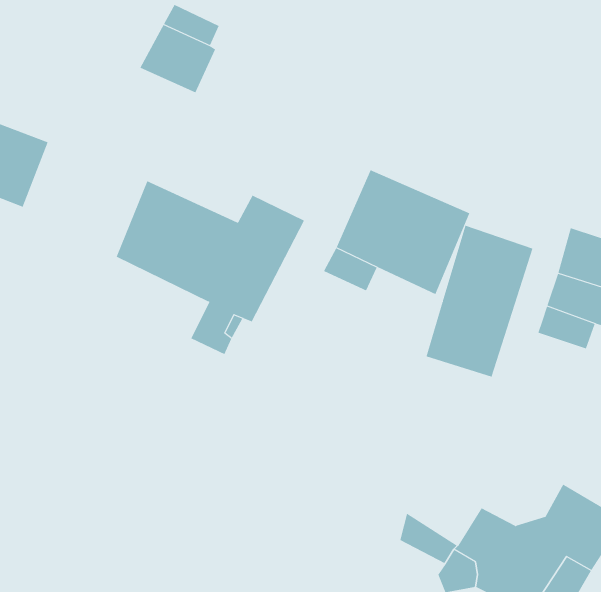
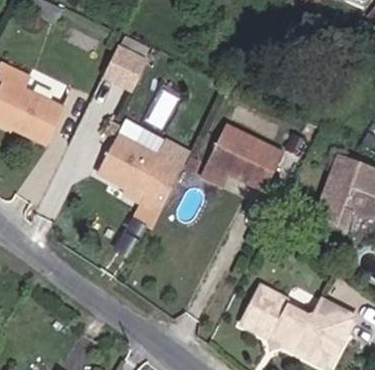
building: [426,225,533,377] -> none
building: none -> [249,286,291,329]

